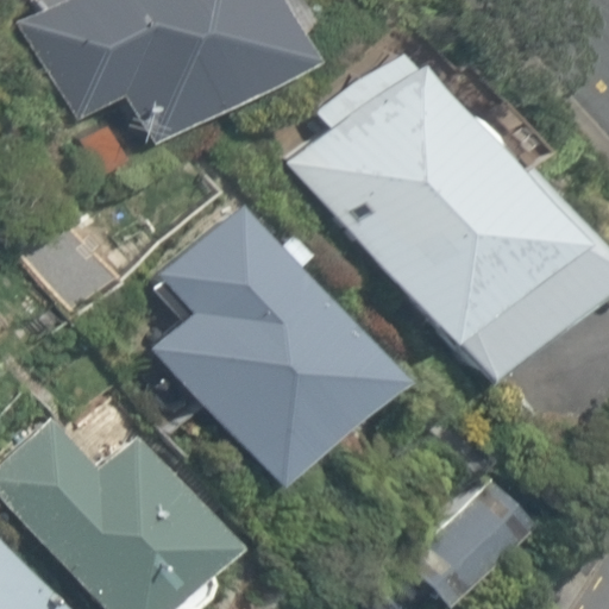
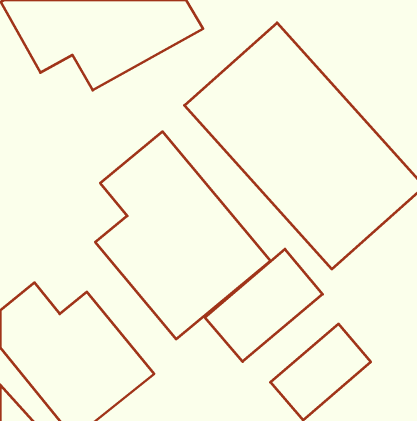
building: none -> [205,249,323,362]

